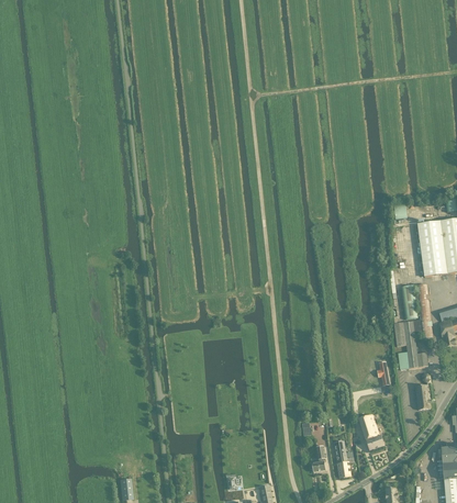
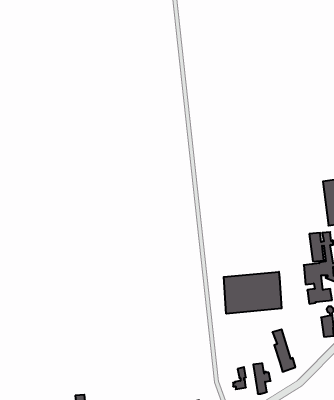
building: none -> [224,272,282,314]

